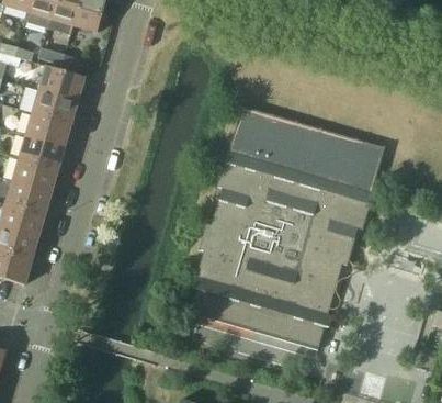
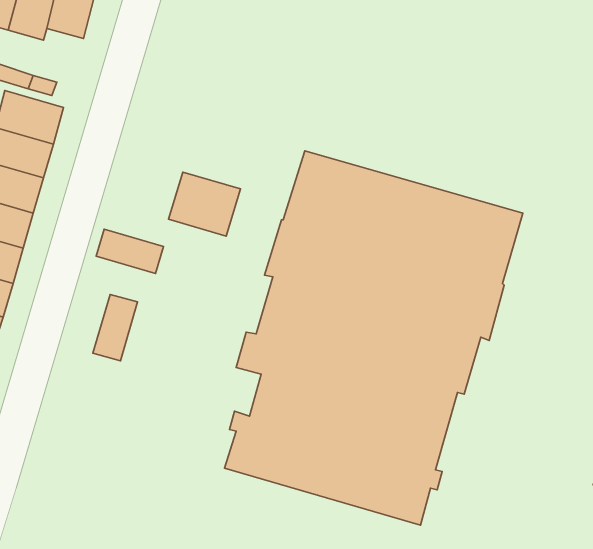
building: none -> [169,172,240,236]
building: none -> [96,229,163,274]
building: none -> [93,295,137,361]

